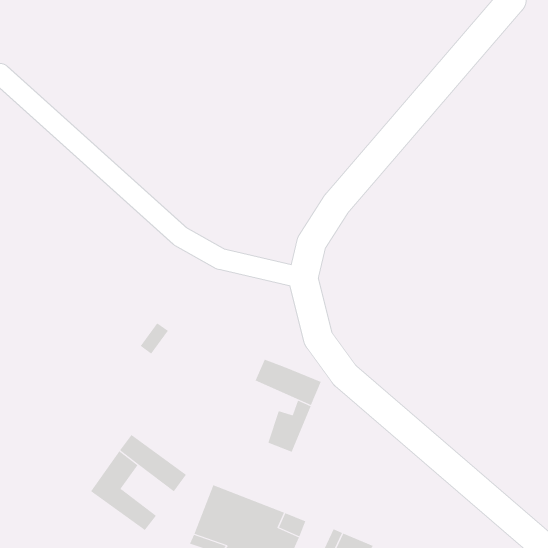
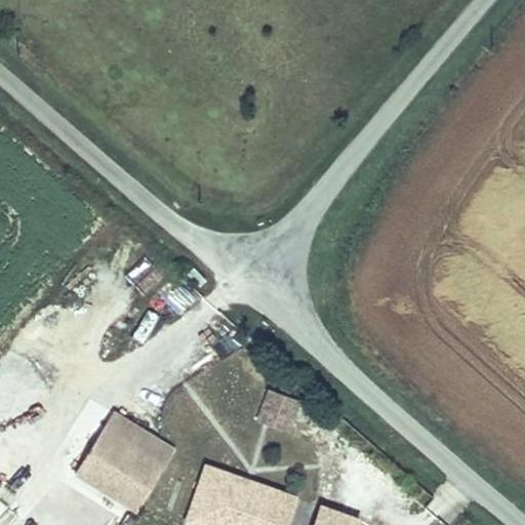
building: [255,359,321,406] -> none
building: none -> [117,445,167,493]

